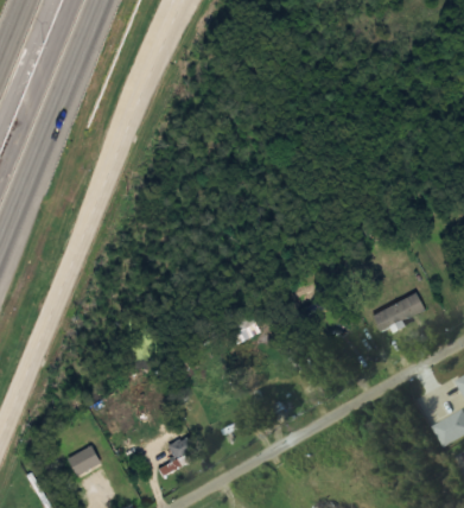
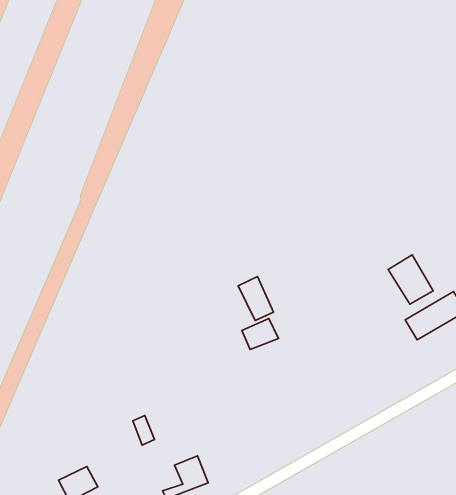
building: none -> [388,255,433,304]
building: none -> [238,276,274,320]

